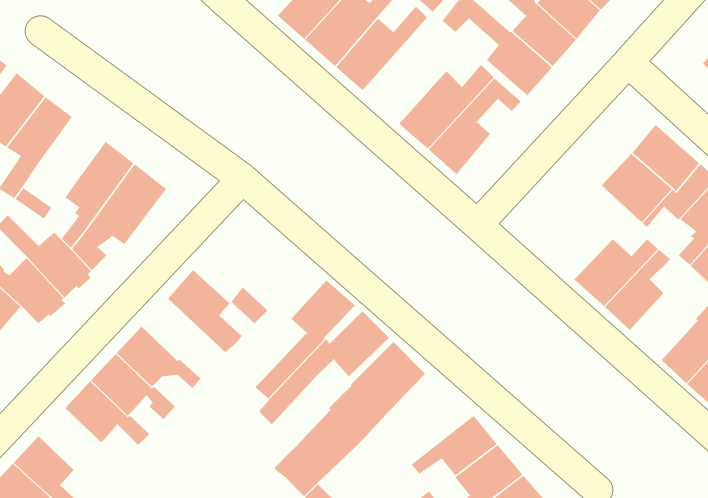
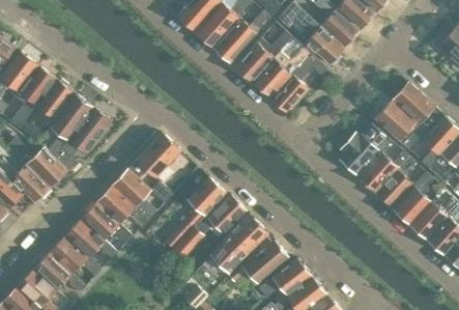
building: none -> [235,30,292,81]
building: none -> [35,77,75,118]
building: none -> [338,122,390,174]
building: none -> [127,133,180,178]
building: none -> [394,172,433,224]
building: none -> [96,187,147,227]
building: none -> [229,234,289,283]
building: none -> [34,253,85,292]

